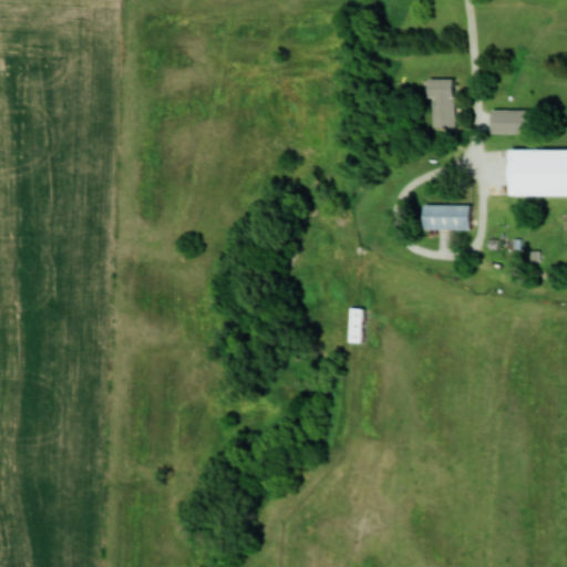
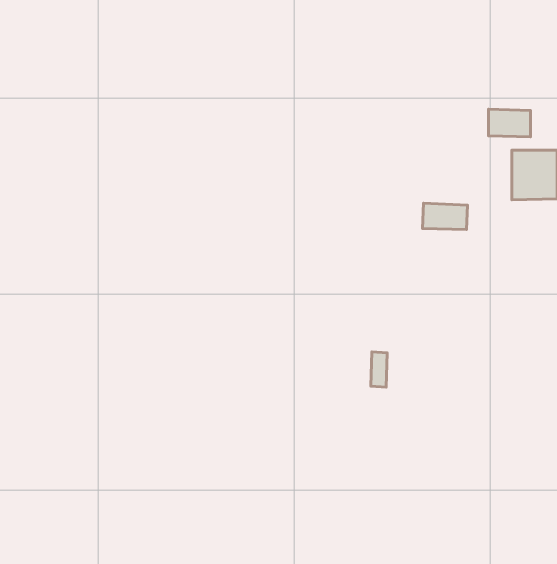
building: [427,78,452,126] -> none
building: [347,308,363,343] -> [371,352,387,387]

